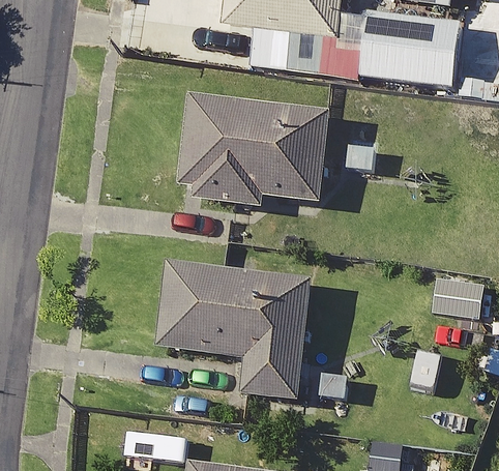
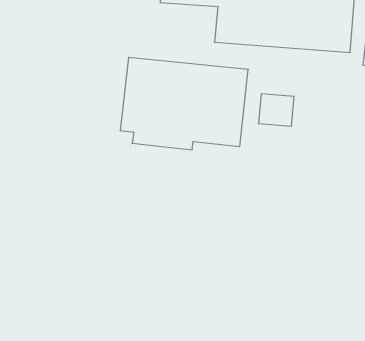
building: [156,261,310,398] -> none

